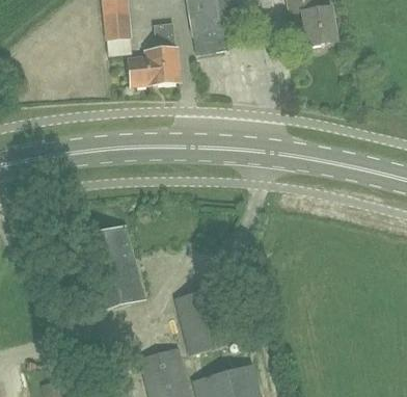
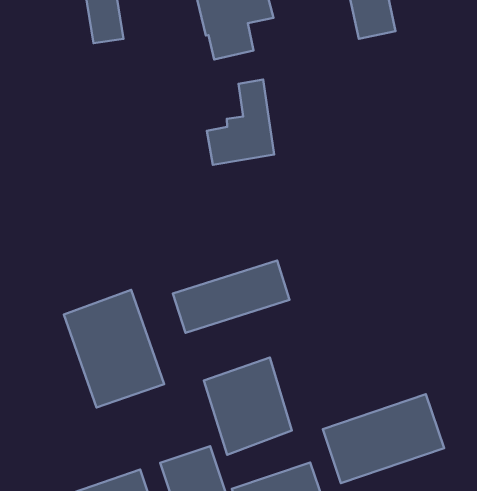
building: [128,24,178,86] -> [207,80,274,165]
building: none -> [173,260,290,333]
building: none -> [323,394,444,483]

